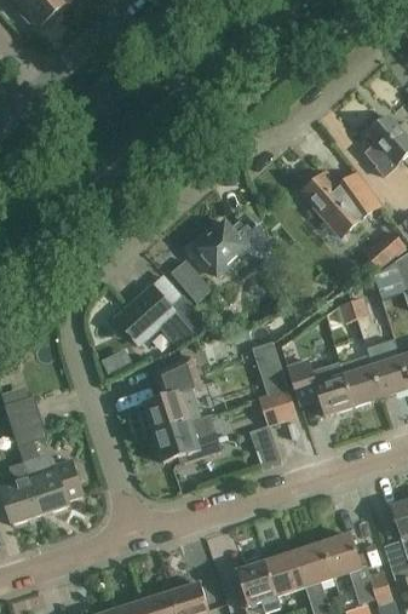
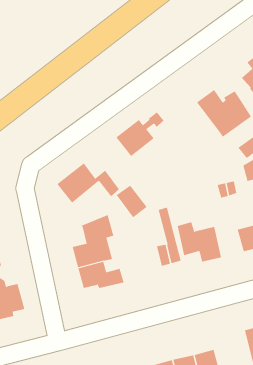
building: [169,254,214,300] -> [116,185,147,218]
building: [340,356,381,406] -> none
building: [247,424,280,467] -> none

